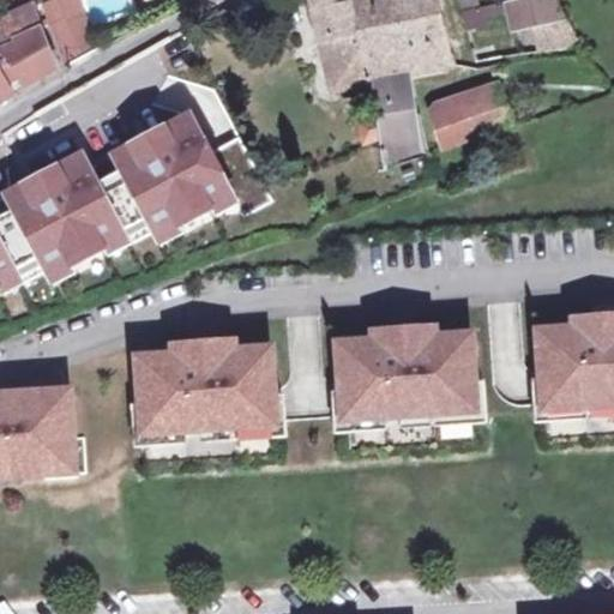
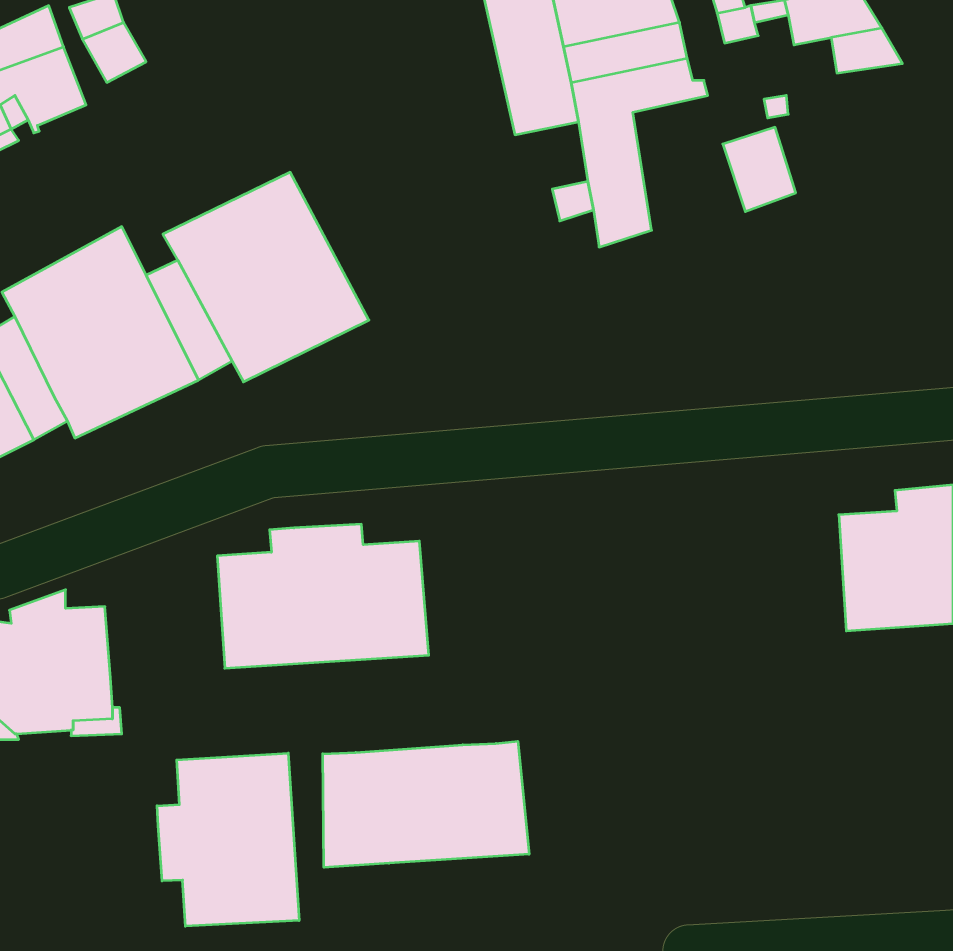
building: [428,92,477,148] -> none
building: [338,323,475,415] -> none
building: none -> [323,741,529,867]
building: none -> [157,753,299,926]

